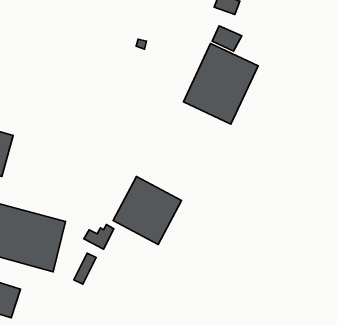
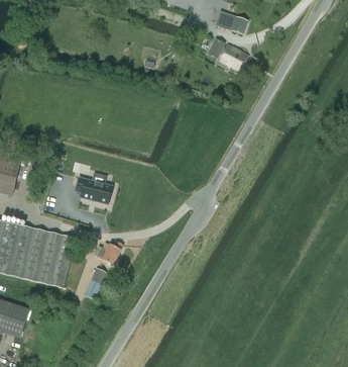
building: [183,43,258,124] -> none
building: none -> [78,172,113,199]
building: [113,177,181,245] -> none

